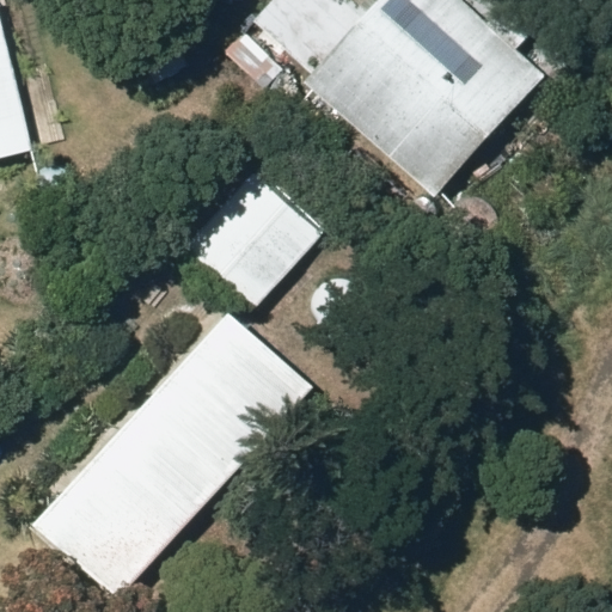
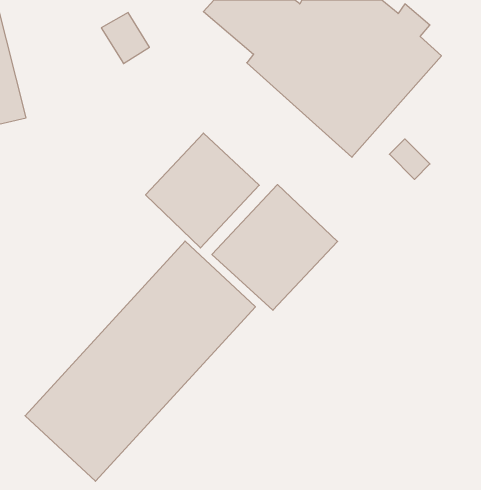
building: none -> [212,185,338,310]

